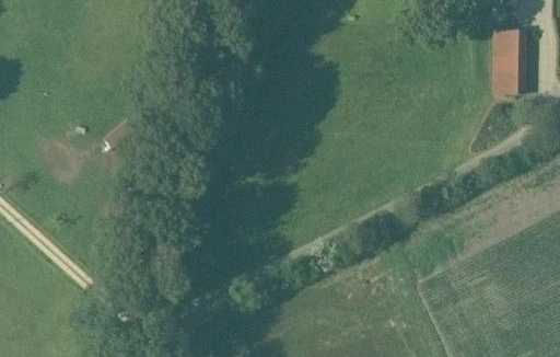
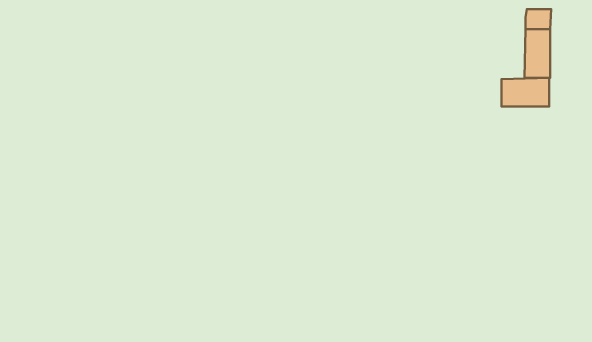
building: none -> [502,78,549,106]

